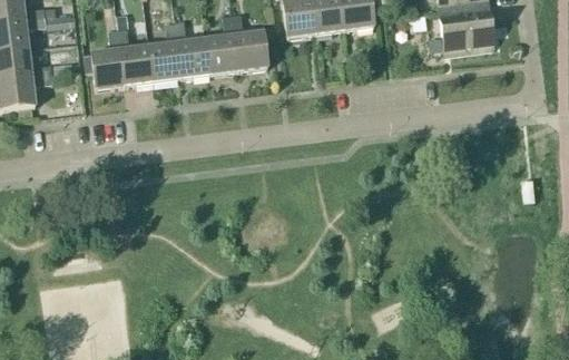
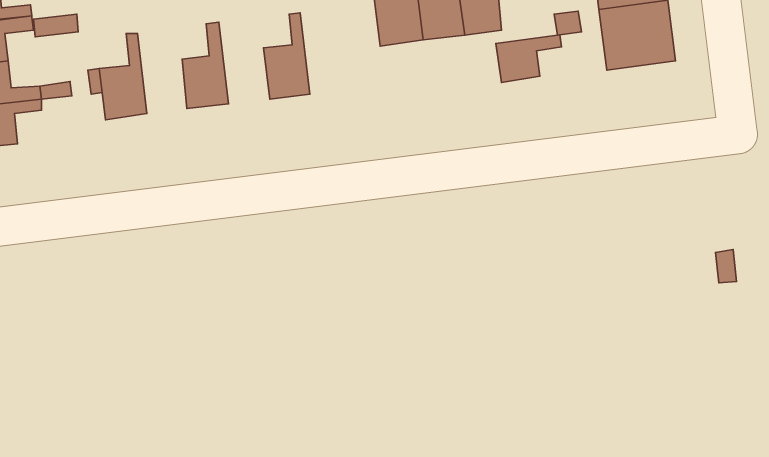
building: [116,11,153,84] -> none
building: [232,12,267,70] -> none
building: [175,19,210,77] -> none
building: none -> [496,35,561,82]

